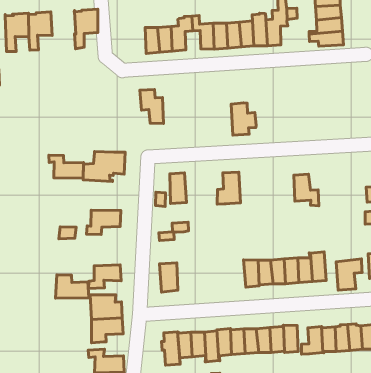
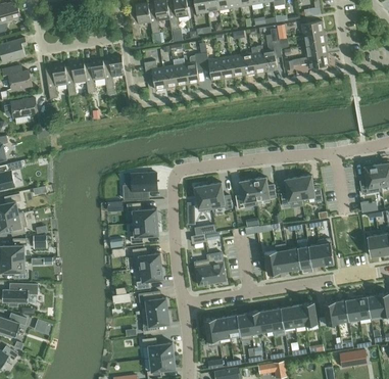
building: none -> [83,59,105,94]
building: [140,89,164,123] -> [143,61,165,90]
building: [231,103,256,135] -> [252,178,275,205]
building: [49,155,84,178] -> [127,204,157,224]
building: none -> [207,183,231,209]
building: none -> [281,178,301,207]
building: none -> [207,253,226,283]
building: [336,259,362,290] -> none
building: [56,275,89,298] -> [133,249,161,270]

